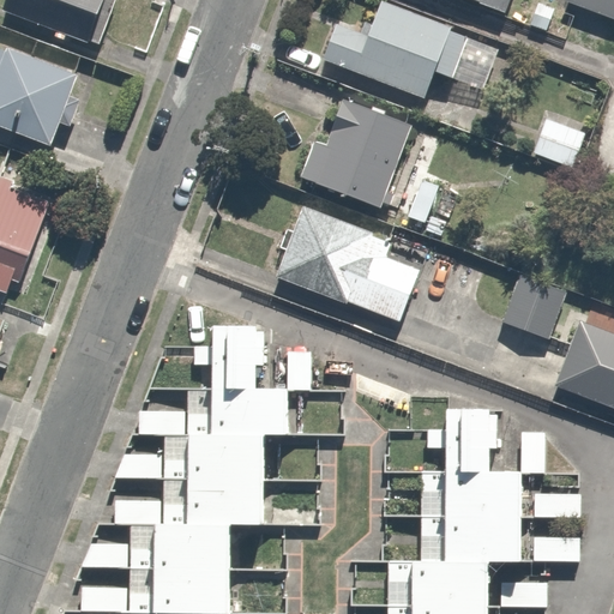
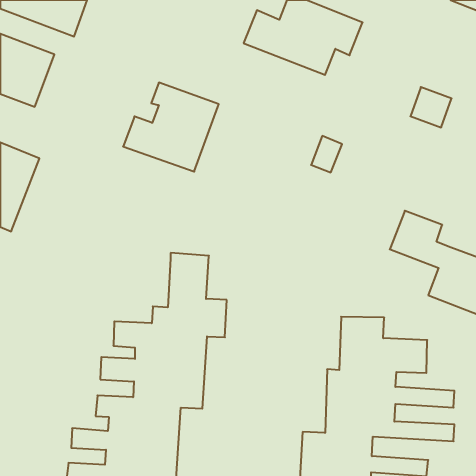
building: [288,92,410,206] -> [123,83,219,172]
building: [273,204,419,320] -> none

